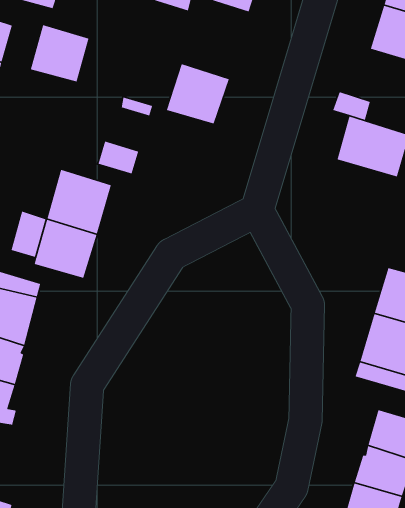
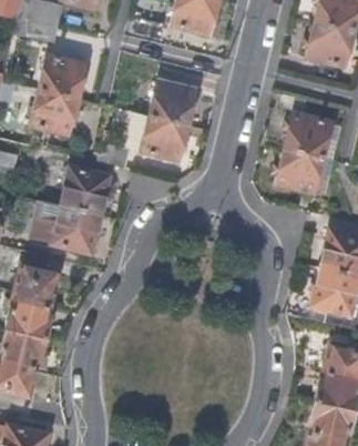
building: none -> [30,91,76,135]
building: none -> [139,116,186,162]
building: none -> [275,148,333,193]

